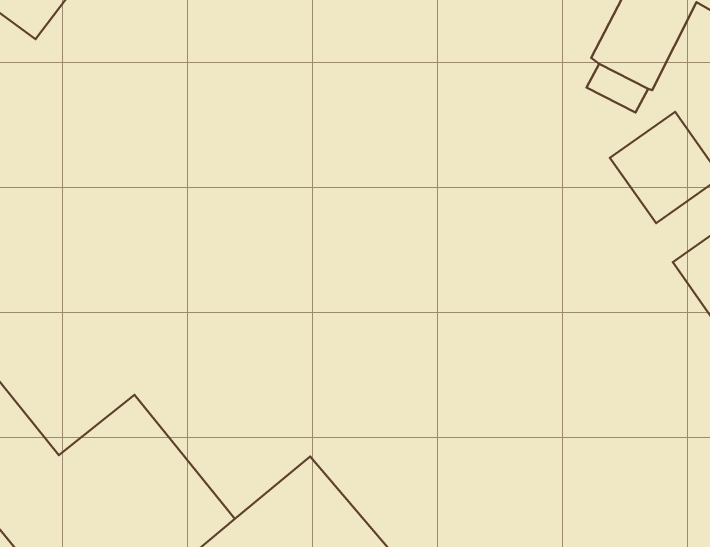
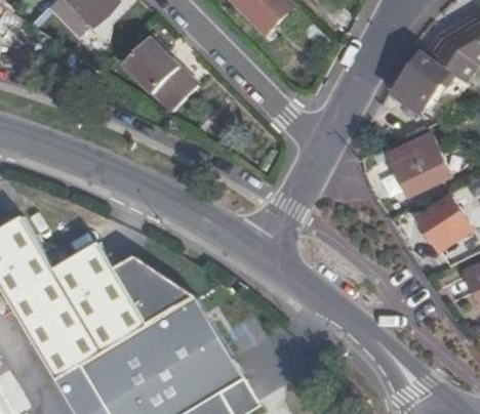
building: none -> [121,37,194,111]
building: none -> [113,257,193,324]

